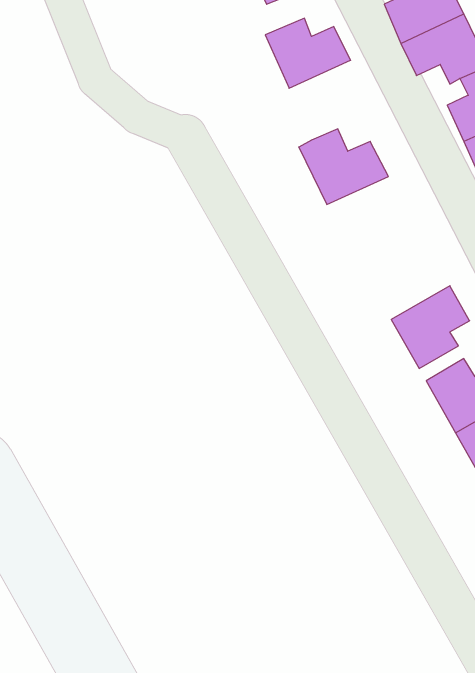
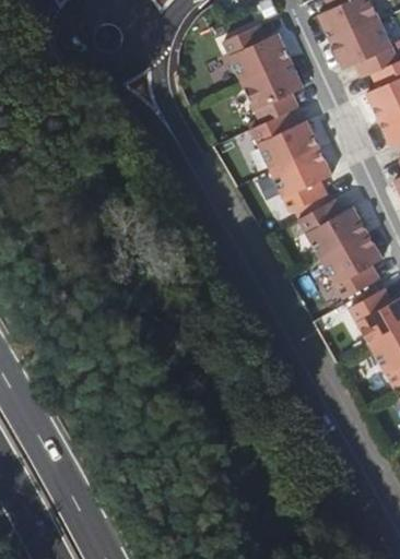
building: none -> [242,58,302,120]
building: none -> [271,148,331,211]
building: none -> [298,203,367,260]

